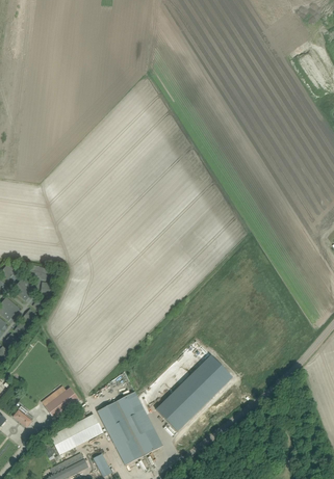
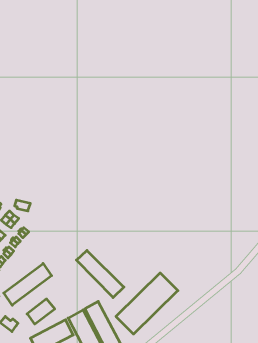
building: none -> [76,250,124,298]
building: none -> [4,263,52,305]

